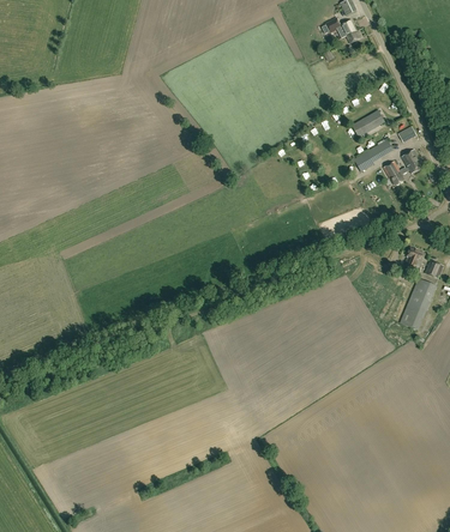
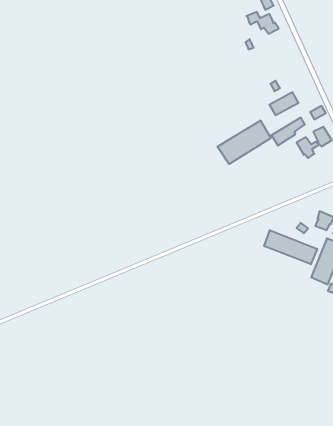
building: none -> [217,120,271,164]
building: none -> [264,230,317,264]

